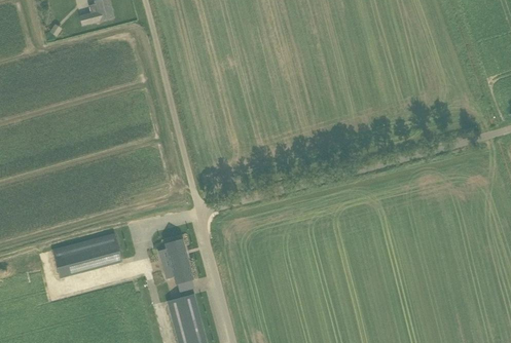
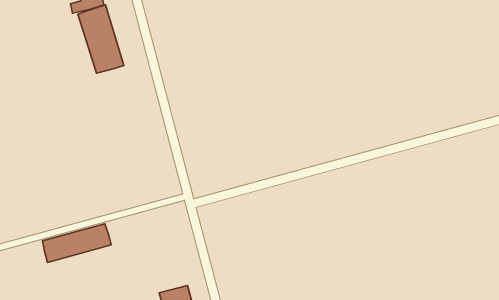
building: none -> [78,5,124,73]
building: [163,239,193,291] -> none

